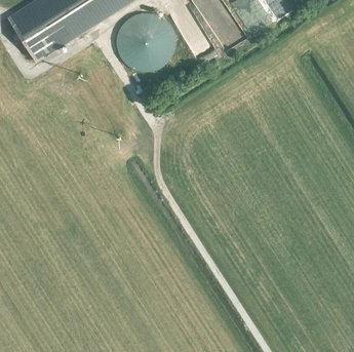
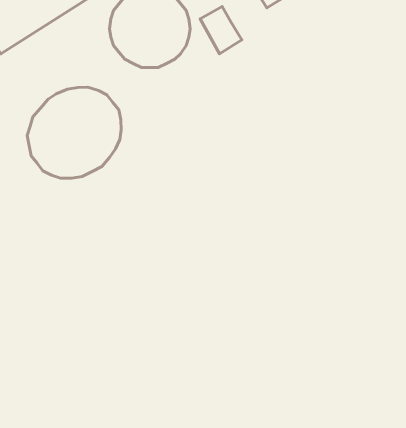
building: none -> [27,87,121,178]

